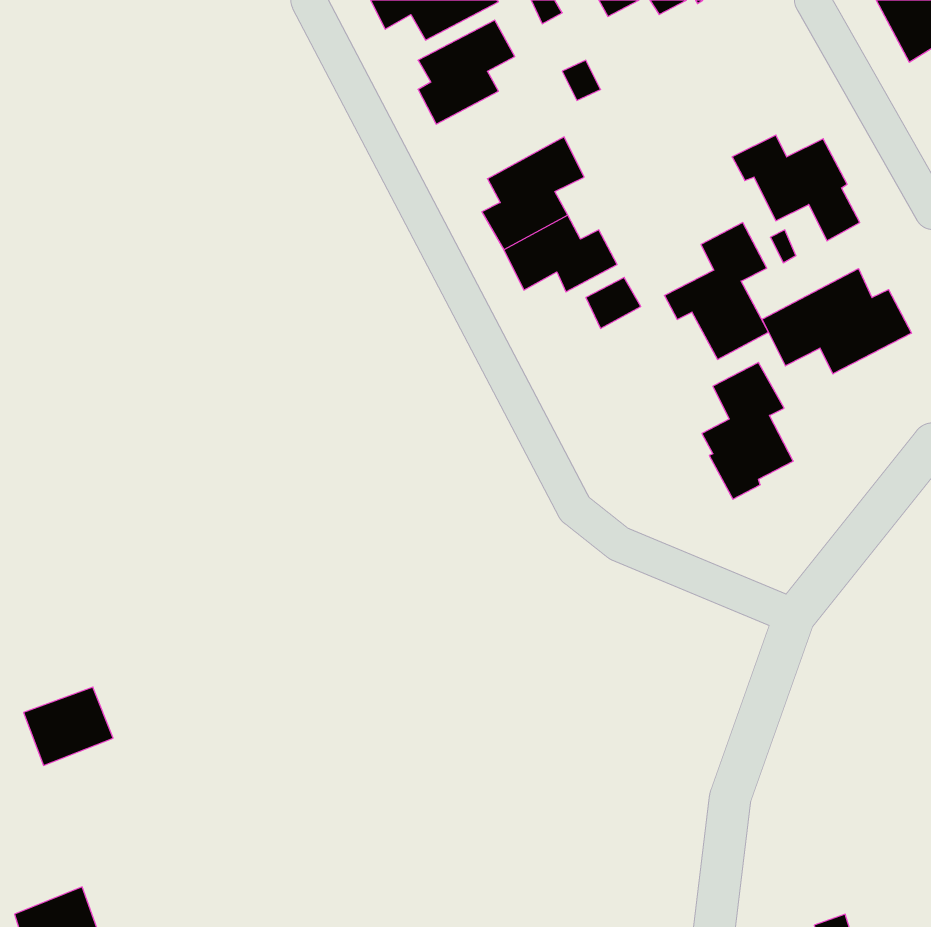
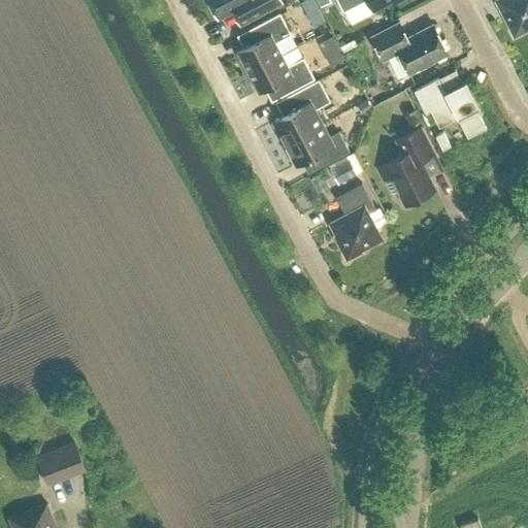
building: none -> [371,24,449,74]
building: none -> [248,55,315,102]
building: [762,269,911,374] -> none
building: [702,362,793,499] -> [330,185,382,262]
building: [24,687,113,765] -> [37,441,88,486]

